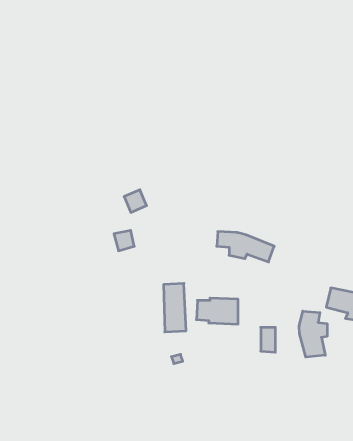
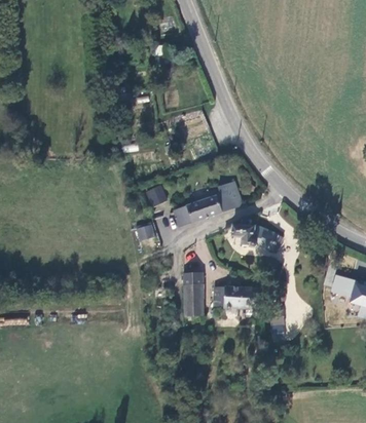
building: none -> [174,183,241,226]
building: [299,311,327,357] -> none

